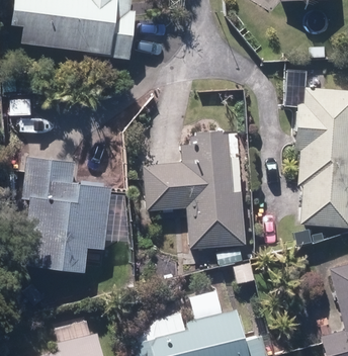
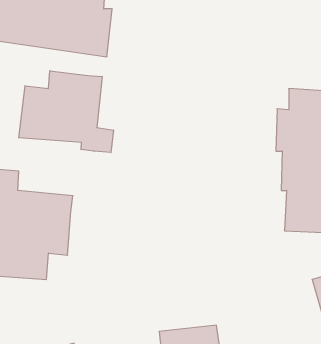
building: none -> [19,71,113,153]
building: [145,131,235,244] -> none

